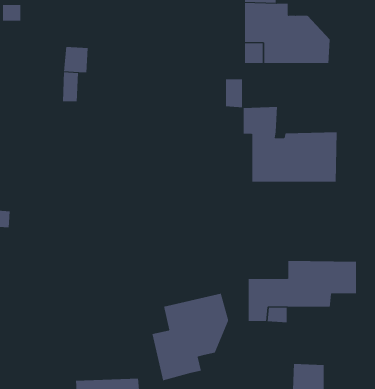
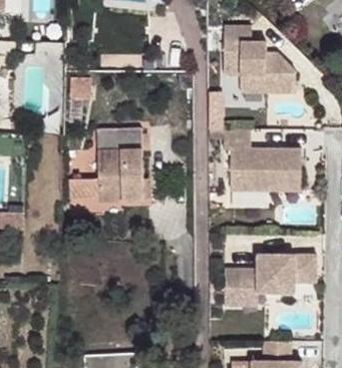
building: none -> [69,127,143,201]
building: [152,293,229,381] -> none

